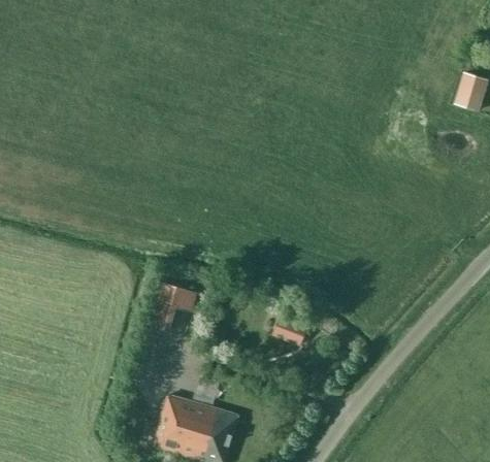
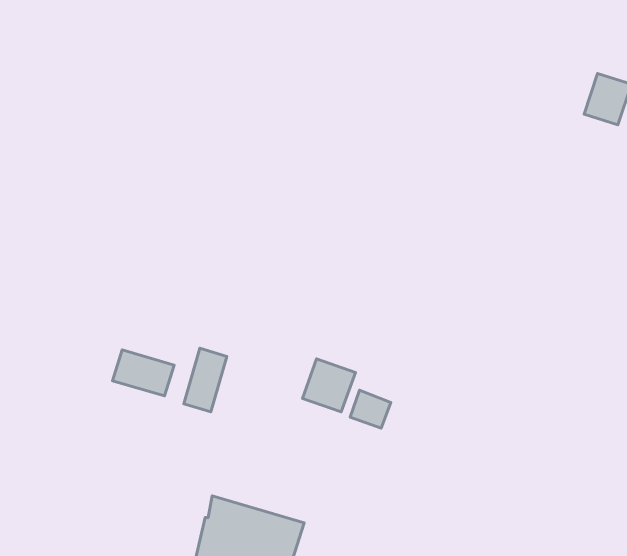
building: none -> [113,350,174,396]
building: none -> [302,359,356,412]

